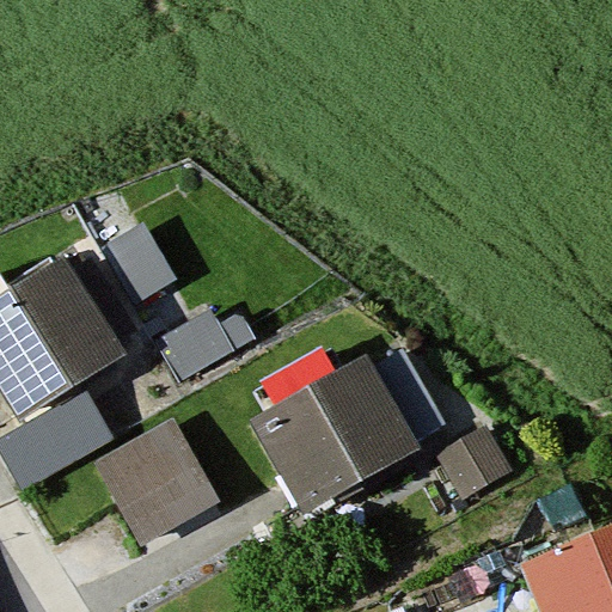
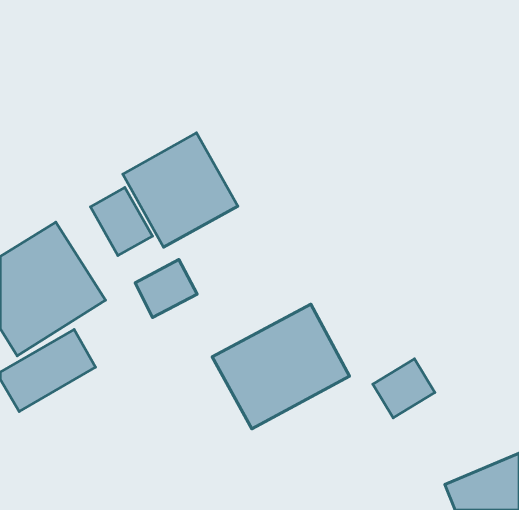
building: none -> [123,133,238,247]
building: [99,420,219,540] -> none

